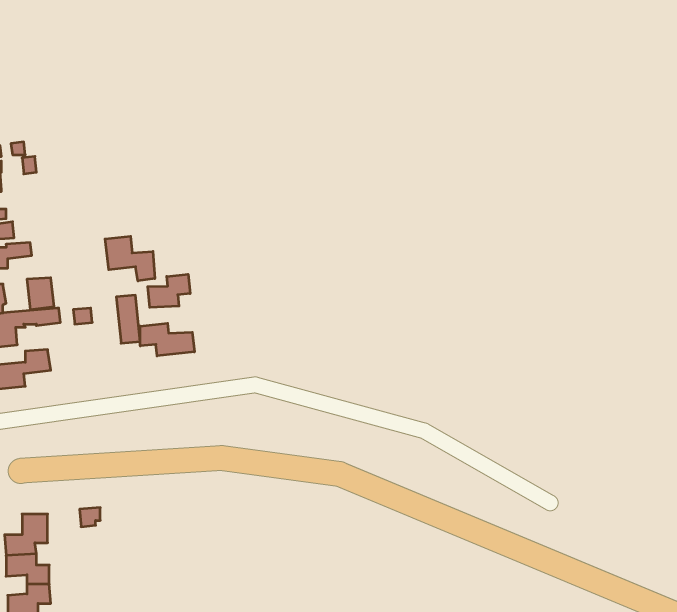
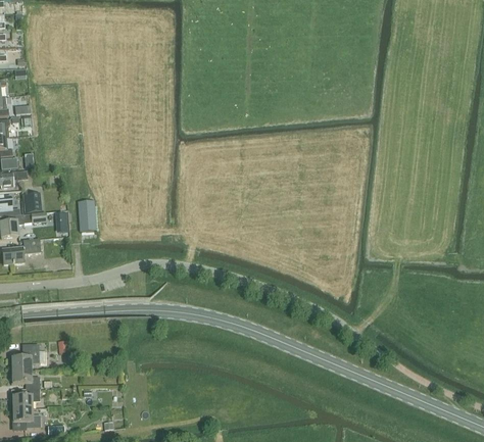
building: [105,236,155,281] -> none
building: [148,274,190,307] -> none
building: [140,323,194,356] -> none

